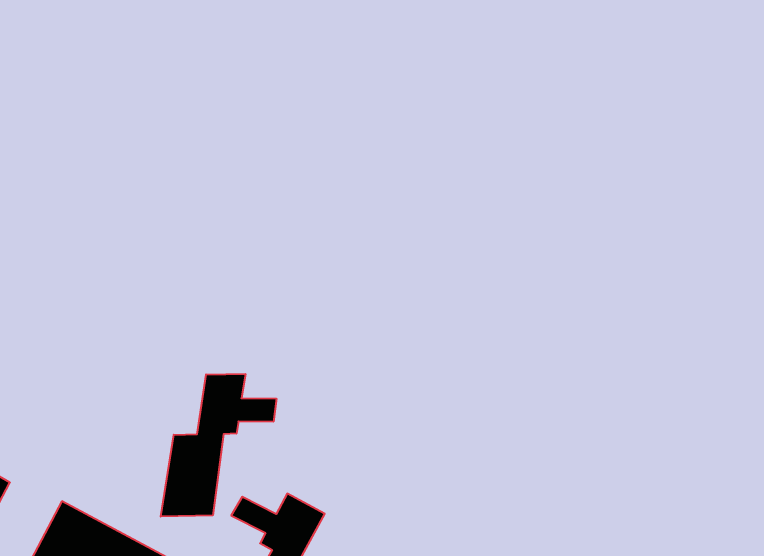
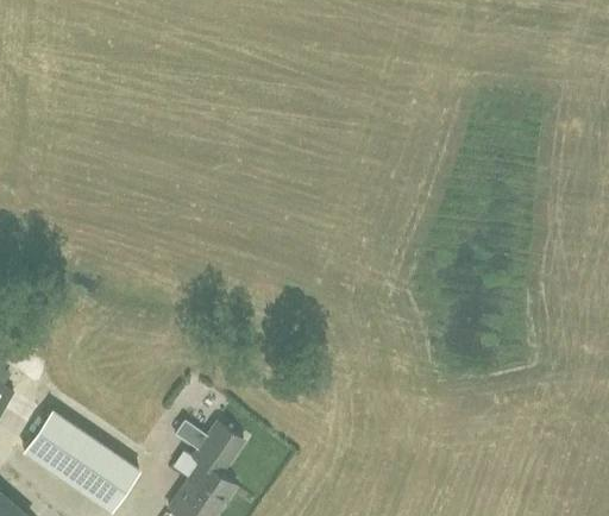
building: [161,374,276,517] -> none

